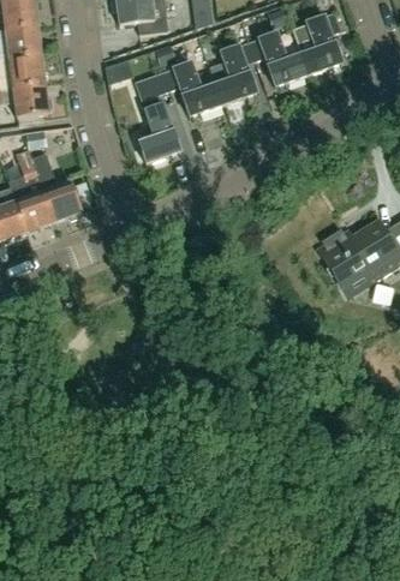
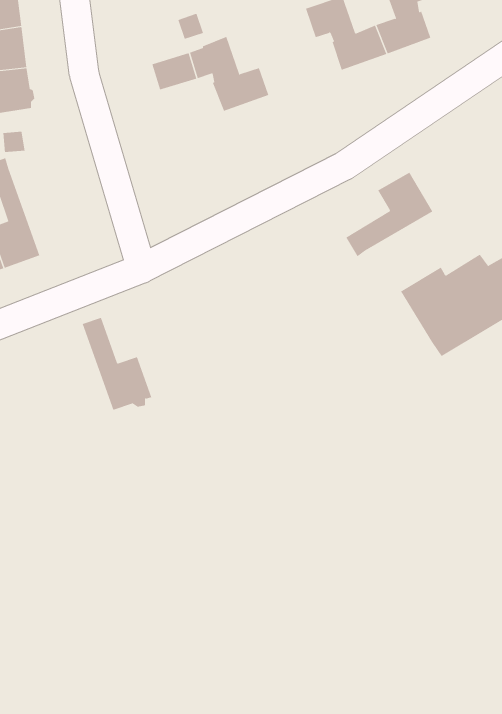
building: [215,40,256,103] -> none
building: [138,102,179,162] -> none
building: [31,152,83,221] -> [82,317,152,410]
building: none -> [346,172,433,257]

